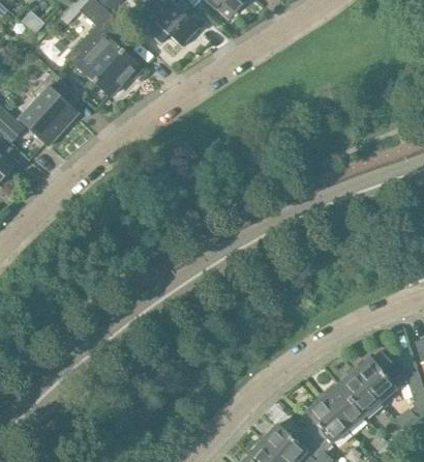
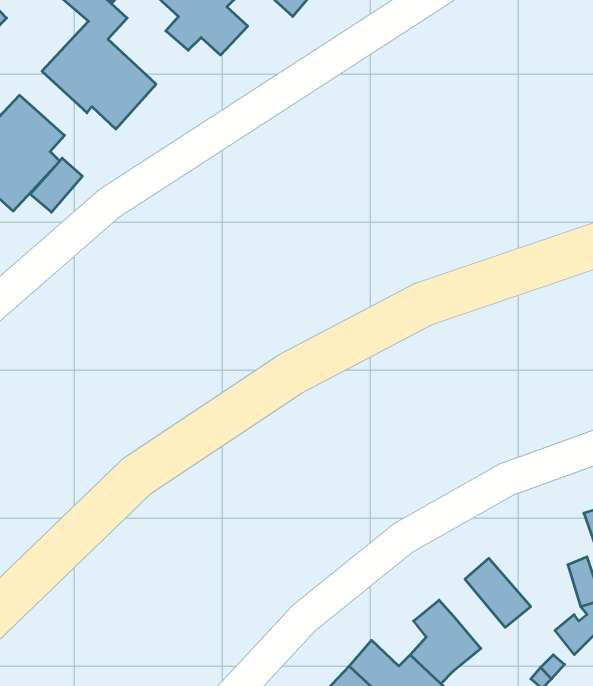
building: none -> [30,158,82,212]
building: [354,350,404,402] -> none
building: [322,384,364,429] -> none

